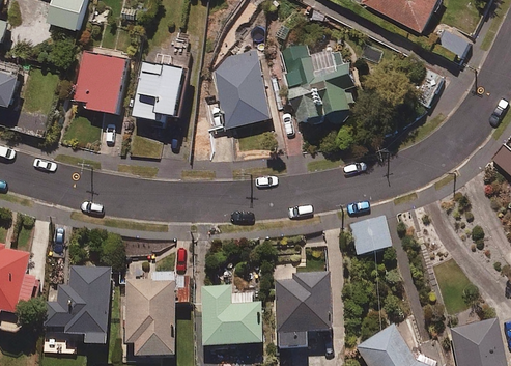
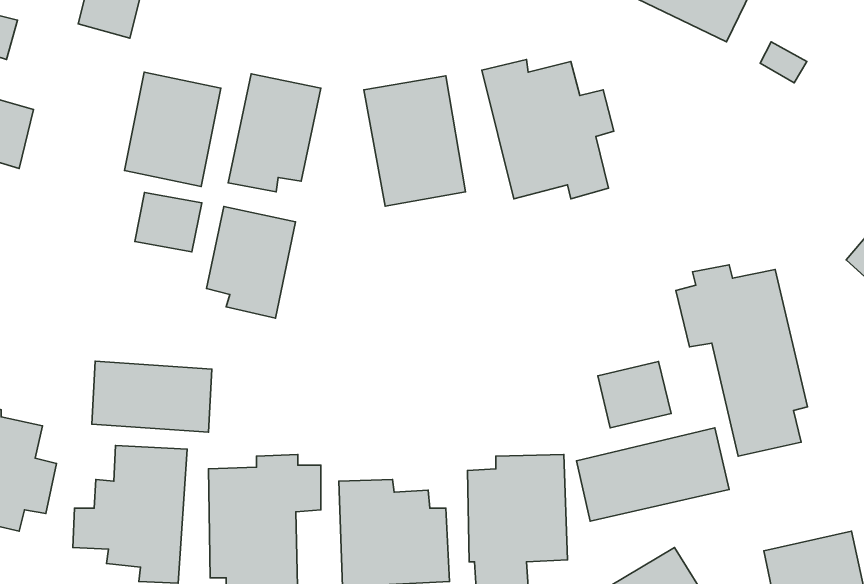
building: none -> [135,193,202,252]
building: none -> [207,206,296,318]
building: none -> [676,265,807,456]
building: none -> [92,361,212,432]
building: none -> [576,428,729,521]

